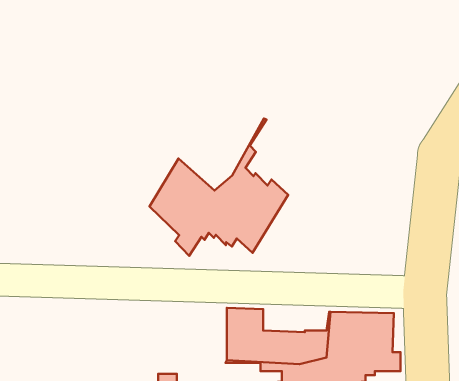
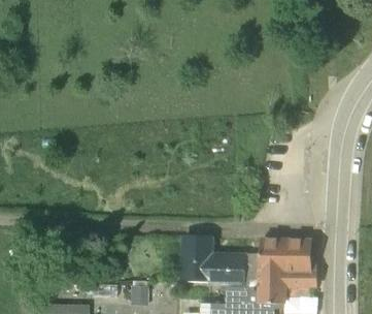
building: [149,119,288,256] -> none

